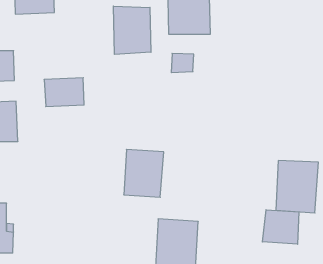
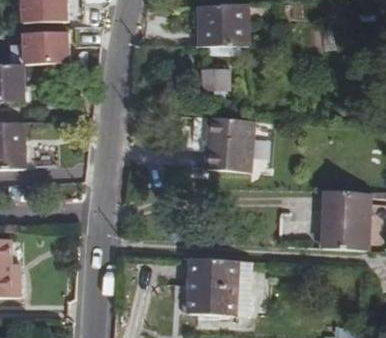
building: [113,6,151,54] -> none
building: [44,78,84,107] -> [22,31,68,64]
building: [124,149,164,197] -> [206,118,252,173]
building: [262,210,299,244] -> none

